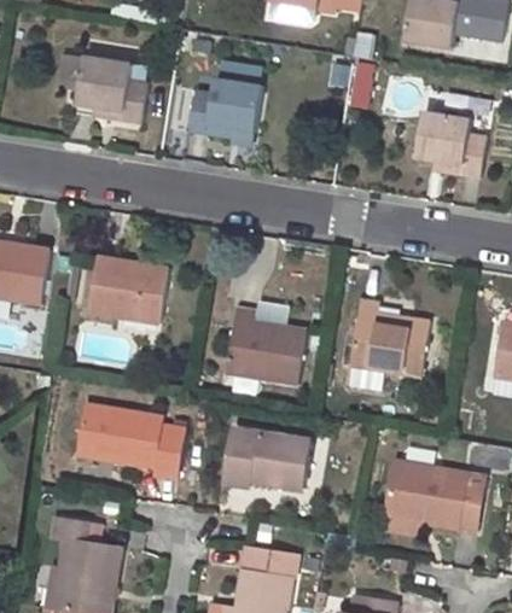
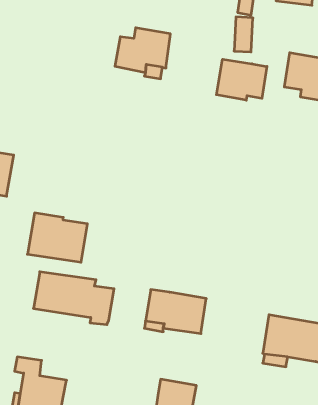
building: [76,54,147,122] -> none
building: none -> [216,59,267,100]
building: [87,255,168,321] -> [27,213,87,262]
building: [349,298,429,375] -> none
building: [223,305,306,384] -> none

